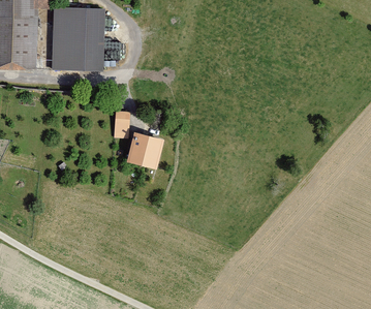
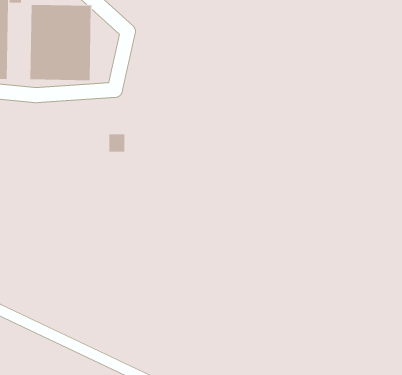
building: [127,132,163,168] -> none

